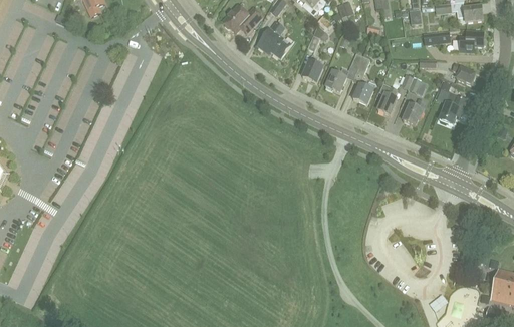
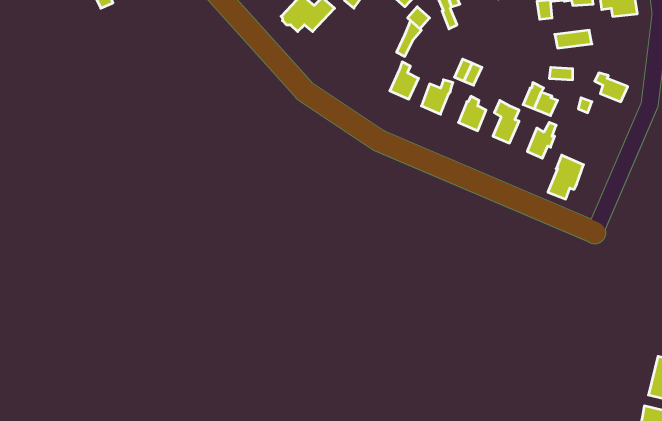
building: [257,20,290,57] -> none
building: [459,31,485,51] -> none
building: [439,91,465,123] -> [548,155,584,199]

